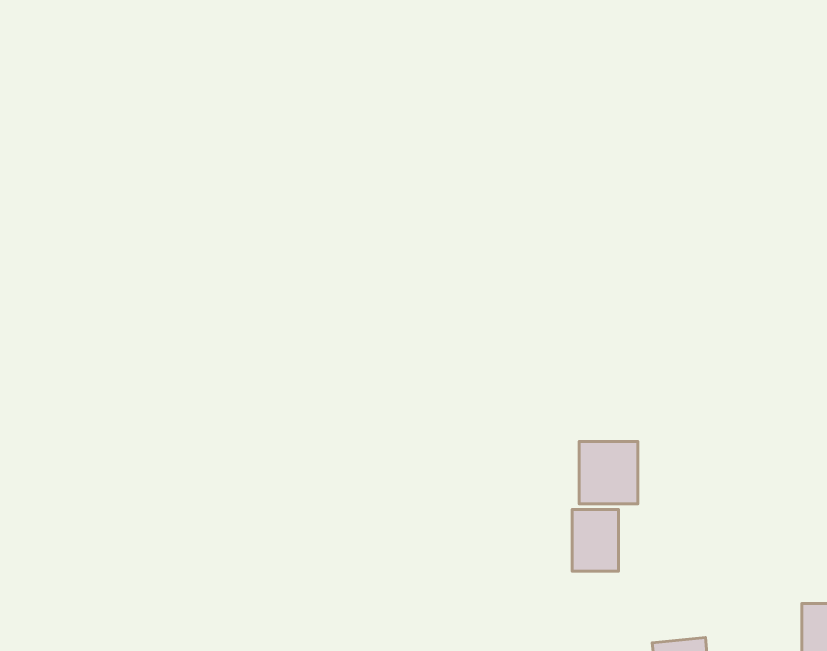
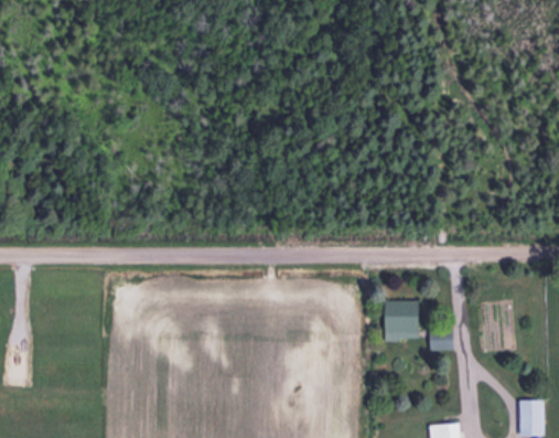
building: [572,510,618,571] -> none

